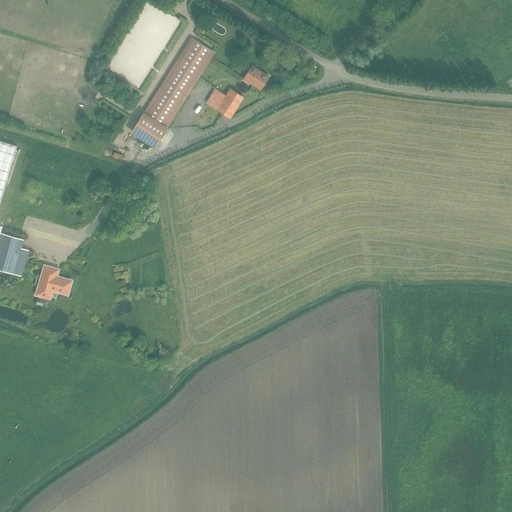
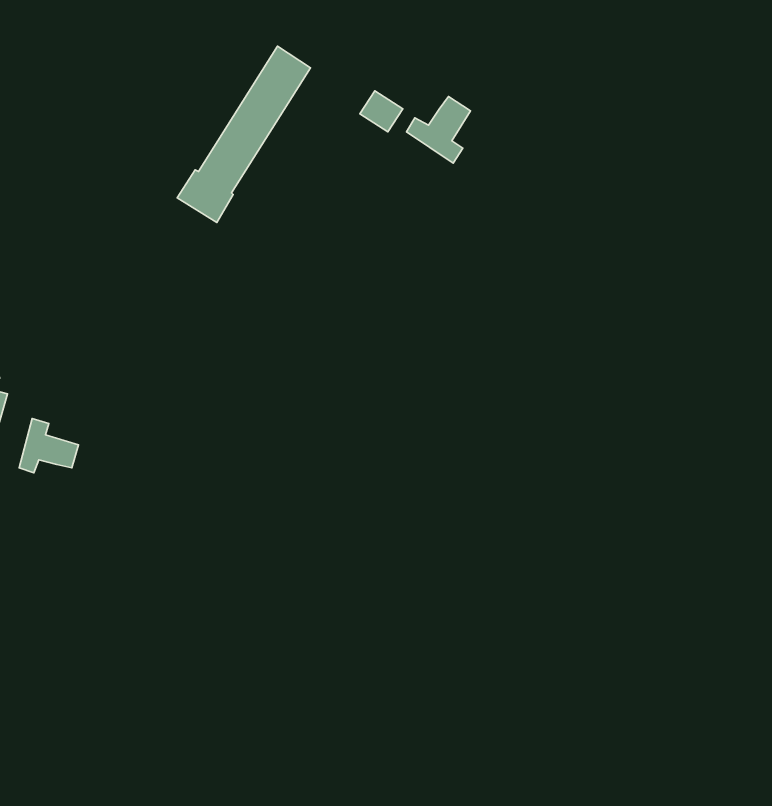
building: none -> [407,96,471,163]
building: [216,89,242,118] -> none

